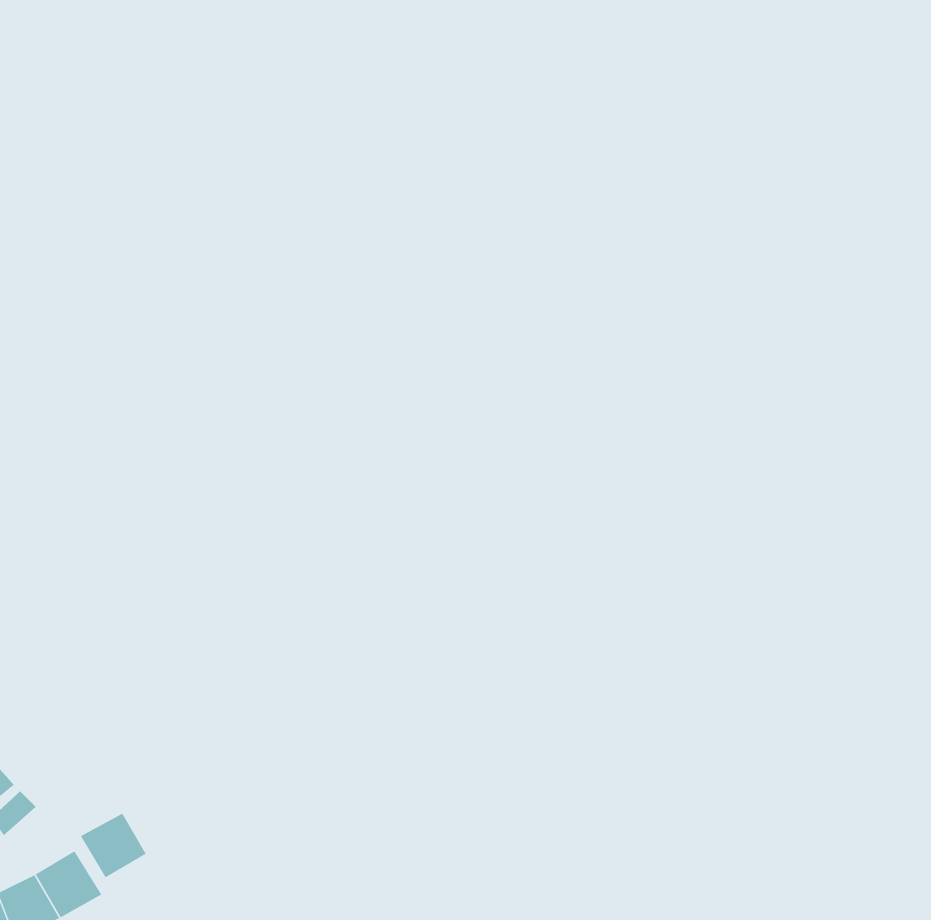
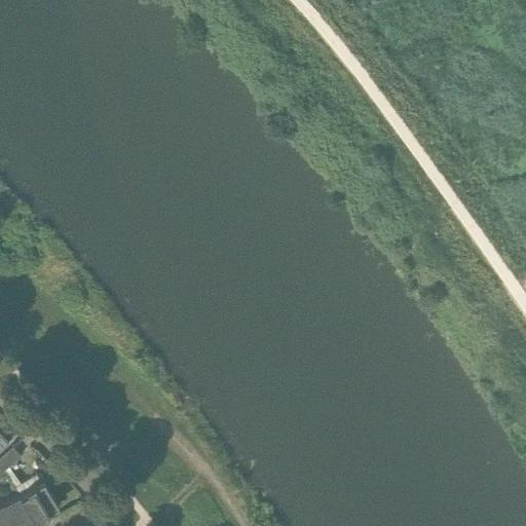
building: [80,813,146,878] -> none

